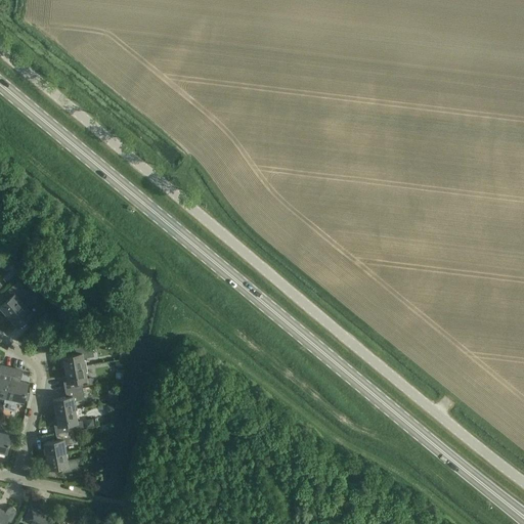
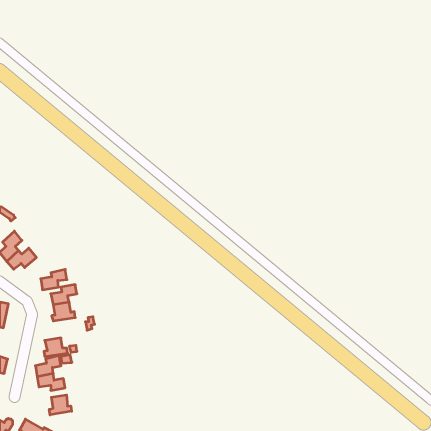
building: [4,369,27,402] -> none
building: [52,389,84,413] -> [41,269,67,290]
building: none -> [49,395,72,415]

